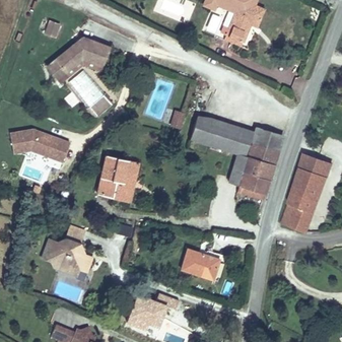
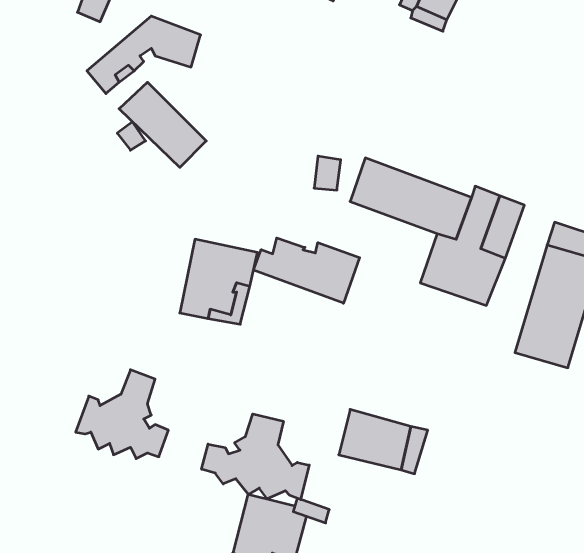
building: [11,131,71,163] -> none
building: none -> [253,238,360,303]
building: none -> [202,414,309,500]

